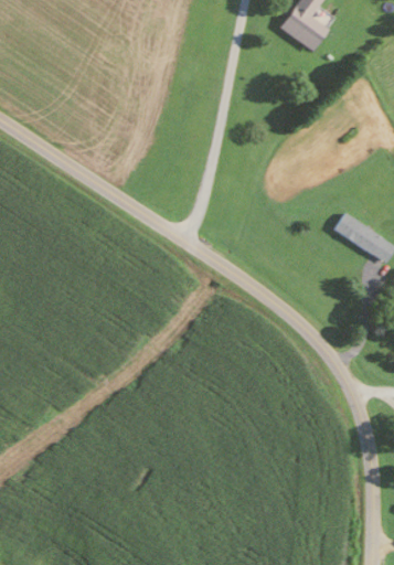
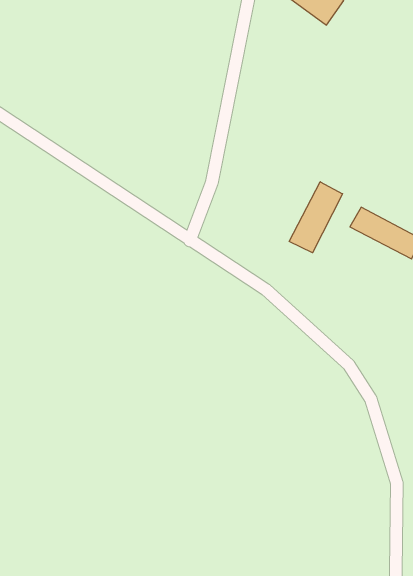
building: none -> [289,182,343,253]

